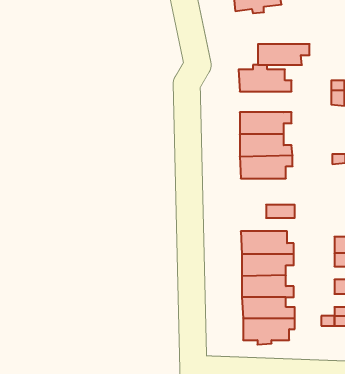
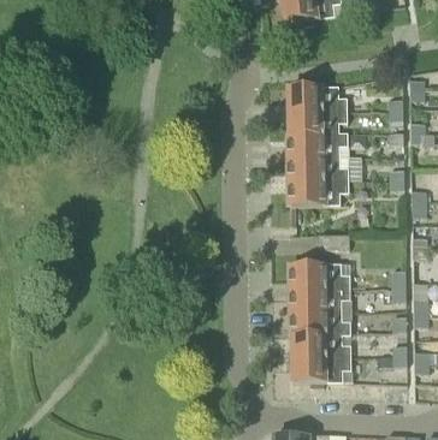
building: [258,44,310,65] -> [289,111,345,133]

